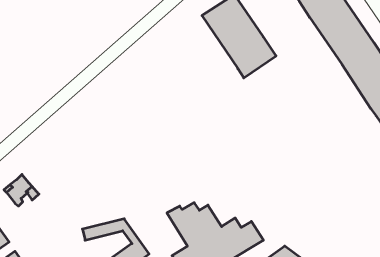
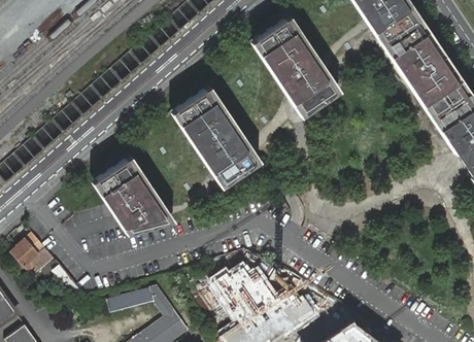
building: none -> [173,86,262,186]
building: none -> [92,156,174,234]

